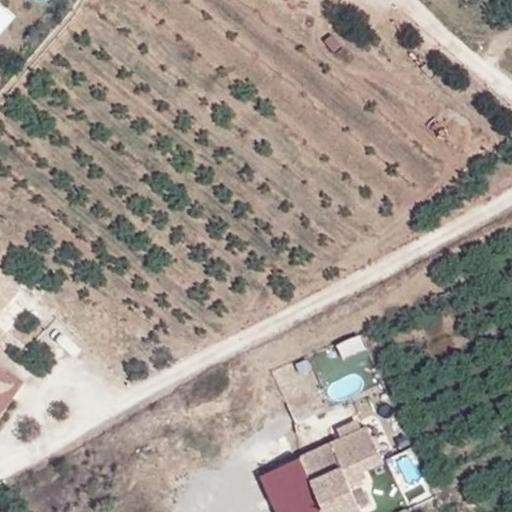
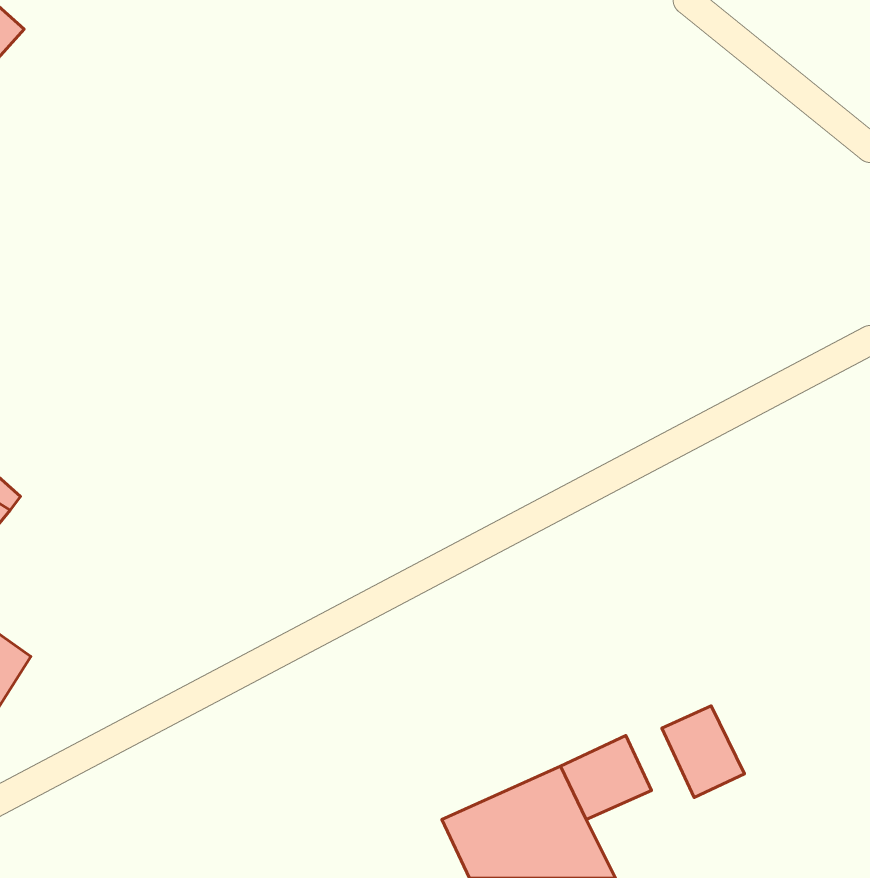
building: none -> [662,706,744,797]

